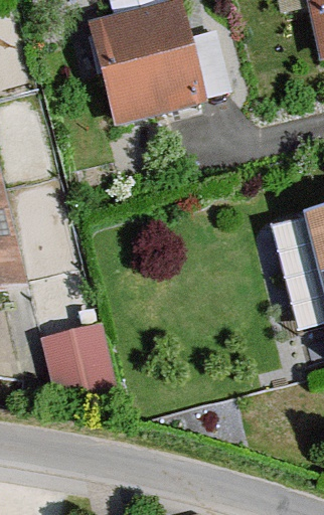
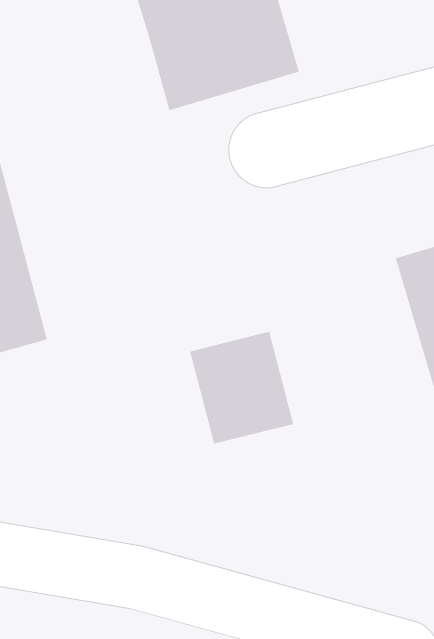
building: [36,326,110,405] -> [189,331,294,445]

